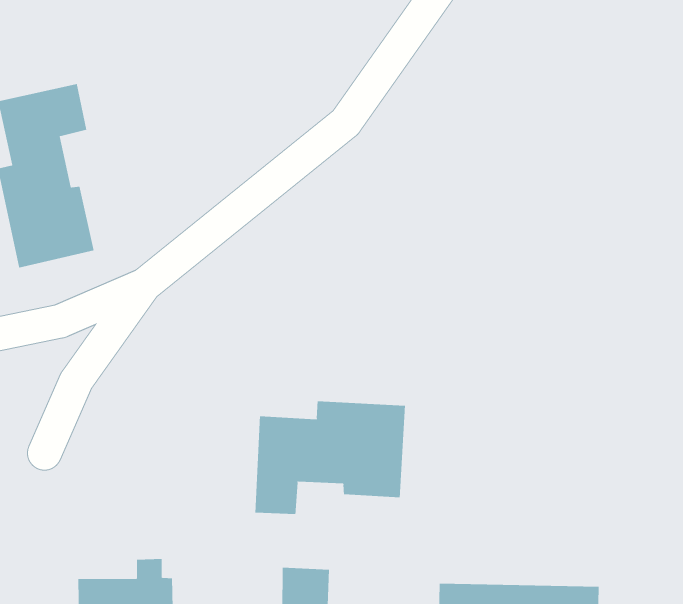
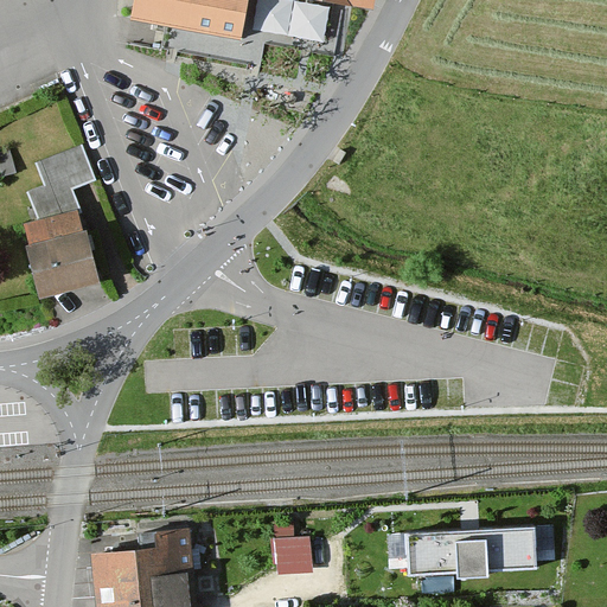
building: [255,401,406,515] -> none

